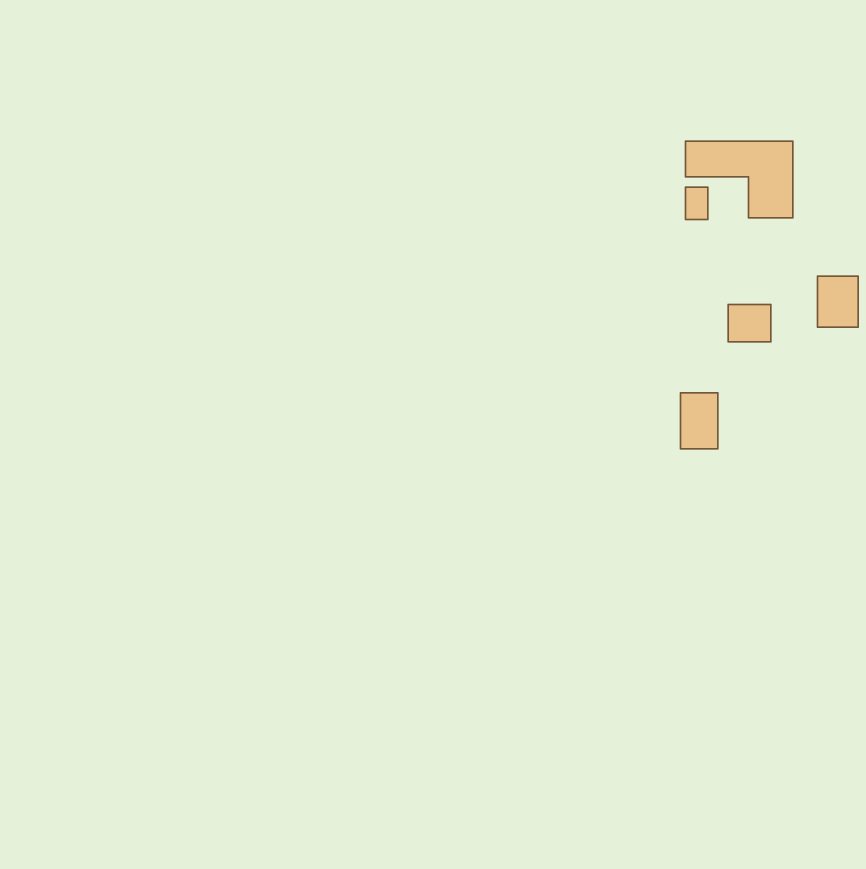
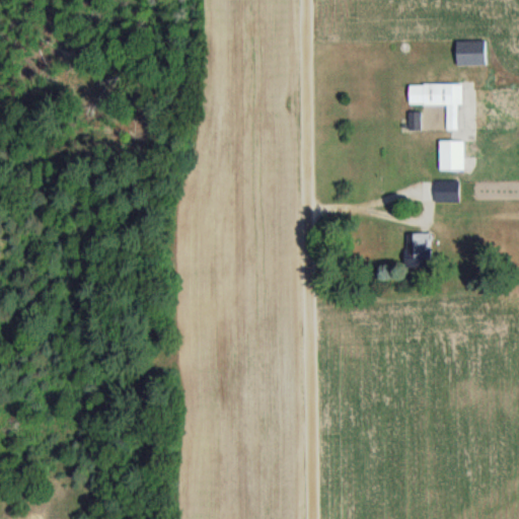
building: none -> [456,41,486,65]
building: [817,276,858,327] -> [439,141,463,171]

